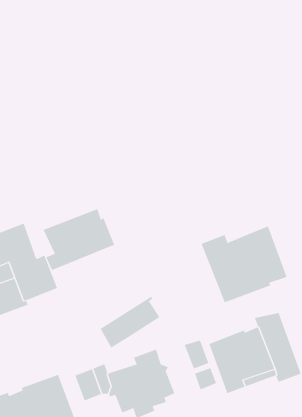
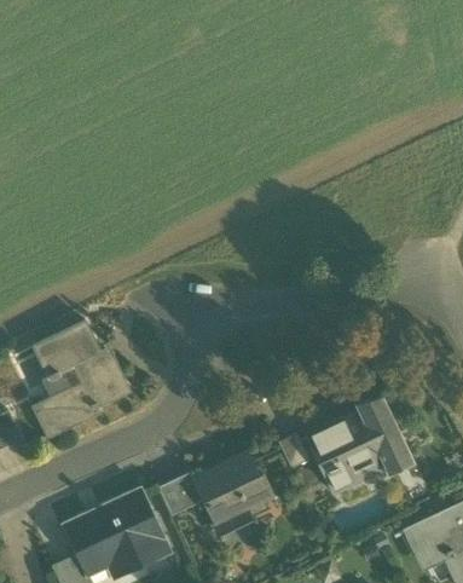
building: [43,208,115,271] -> none
building: [201,225,287,303] -> none
building: [100,296,160,349] -> none

